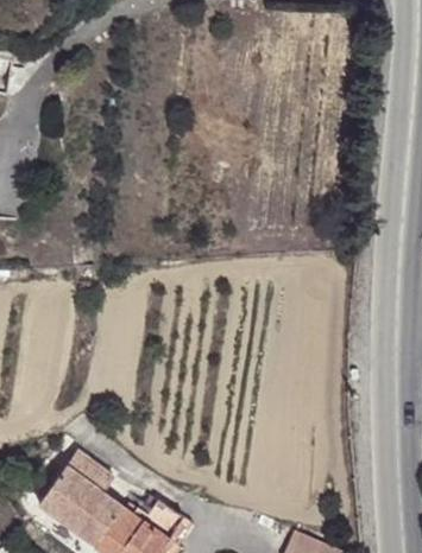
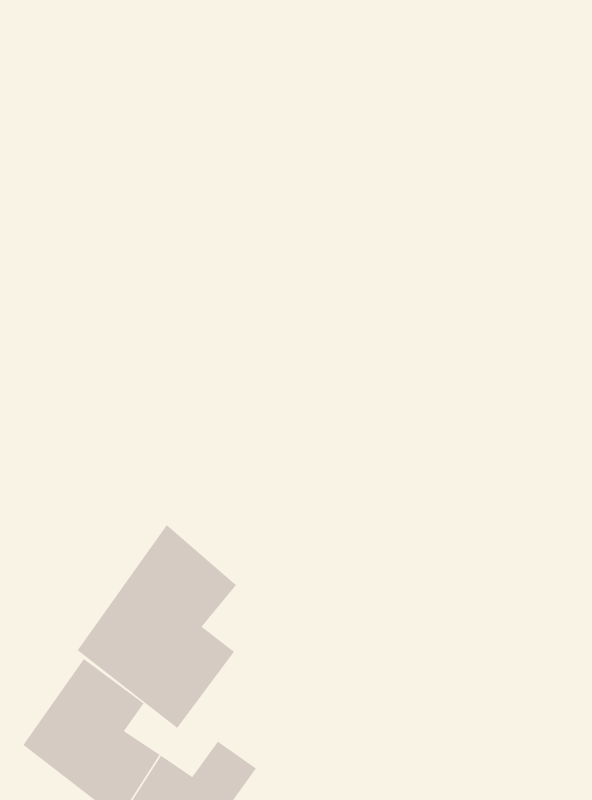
building: none -> [77,524,237,729]

